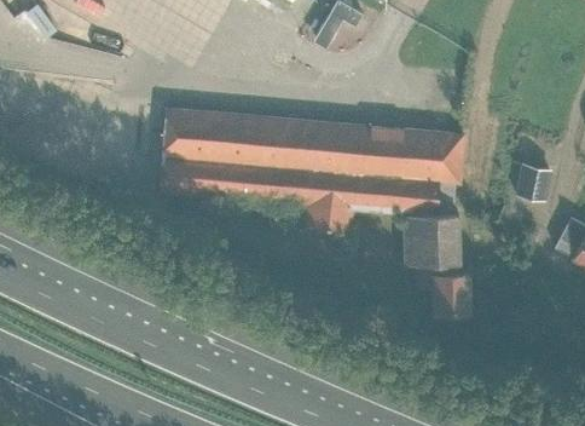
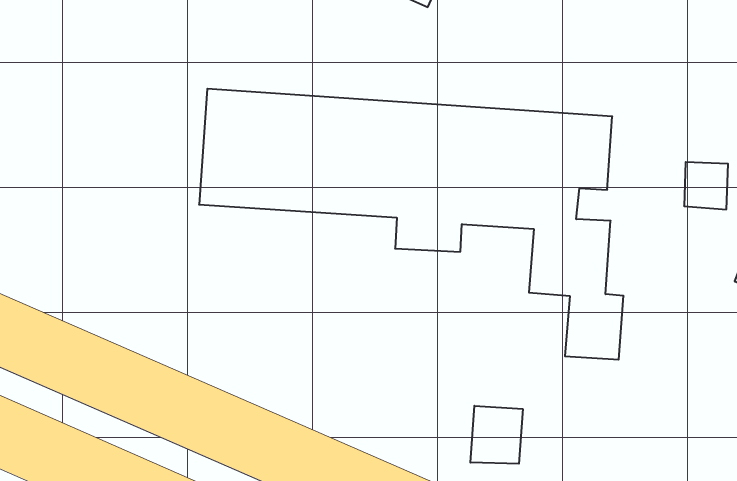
building: none -> [470,406,523,464]

